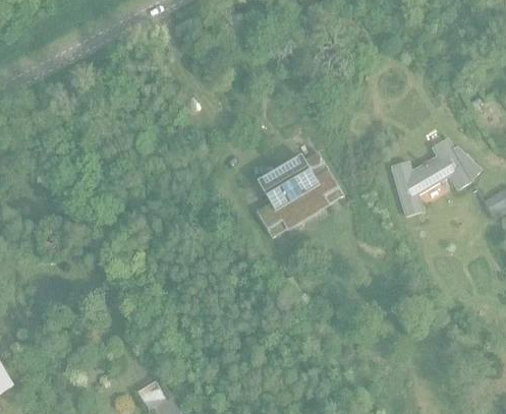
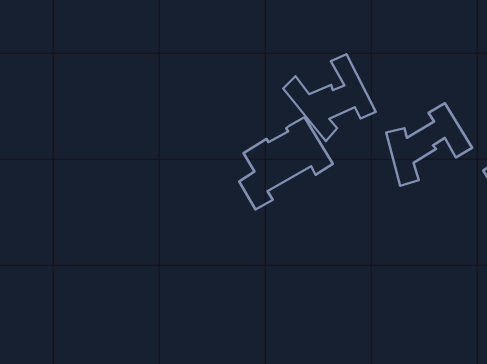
building: none -> [283,54,376,141]

